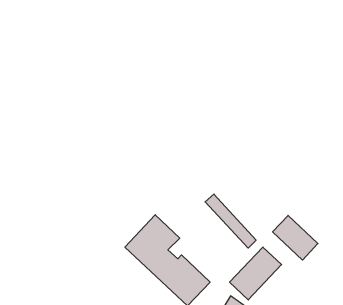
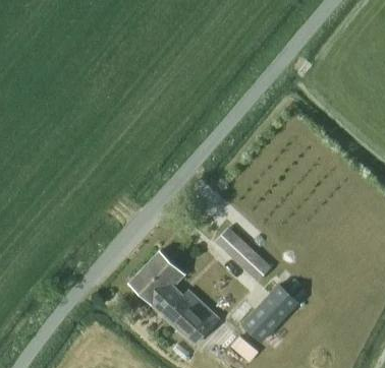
building: [273,215,318,260] -> none

